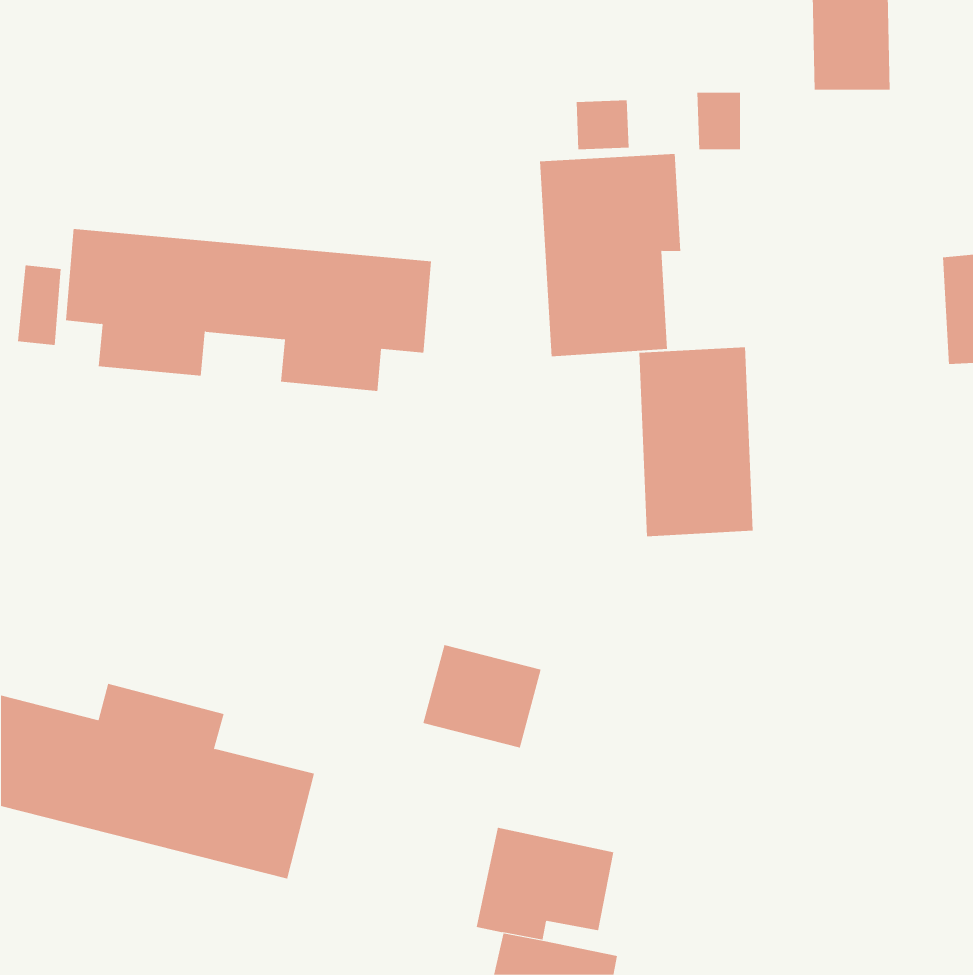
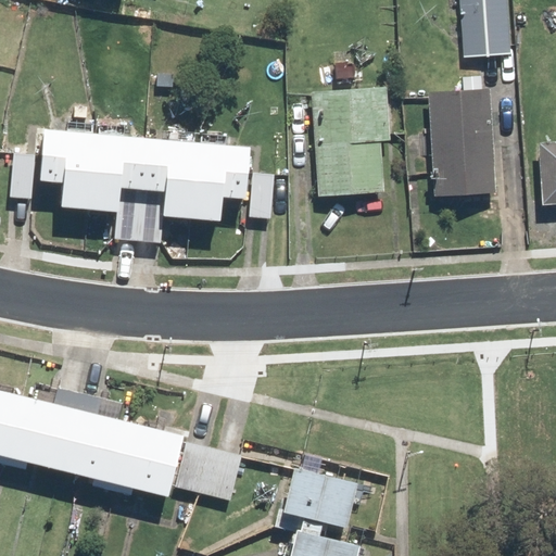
building: none -> [118,193,163,242]
building: [638,347,753,537] -> [430,90,495,198]
building: [423,645,542,748] -> [174,440,241,498]

